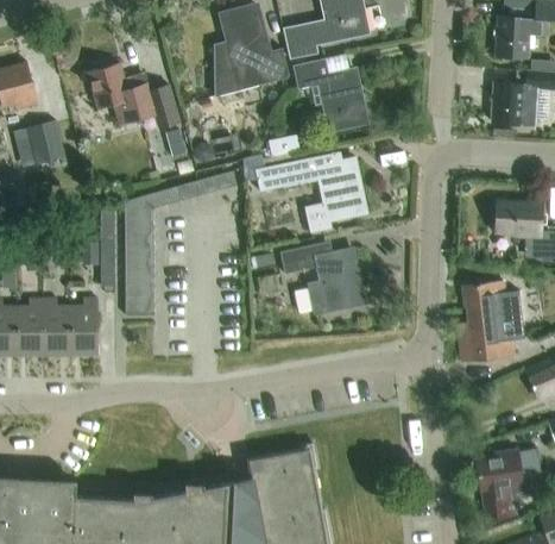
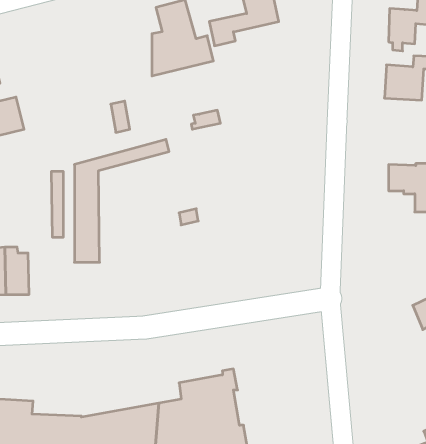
building: [292,60,367,135] -> none
building: [88,64,179,129] -> none
building: [254,152,367,235] -> none
building: [282,243,365,313] -> none
building: [459,281,523,361] -> none
building: [71,299,100,355] -> none
building: [477,450,524,520] -> none

